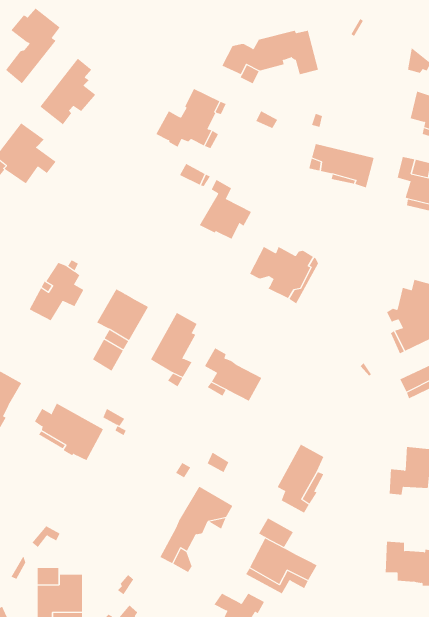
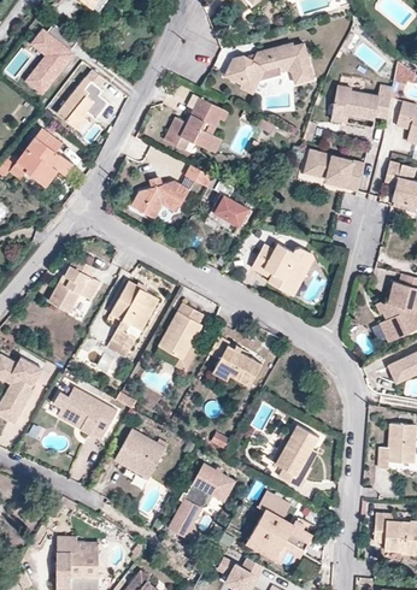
building: none -> [331,85,393,122]
building: none -> [131,181,189,220]
building: none -> [114,429,168,478]

